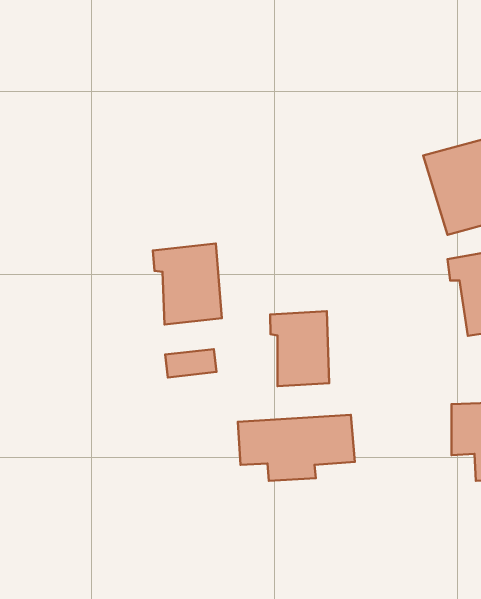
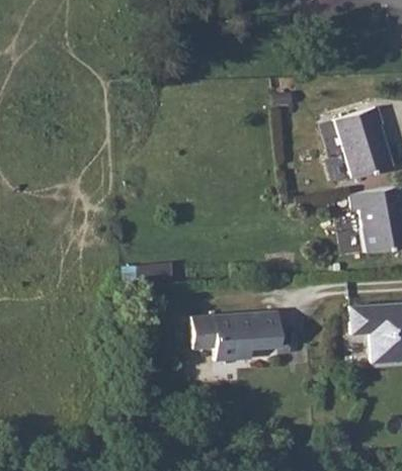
building: [153,243,222,324] -> none
building: [270,311,329,386] -> none

